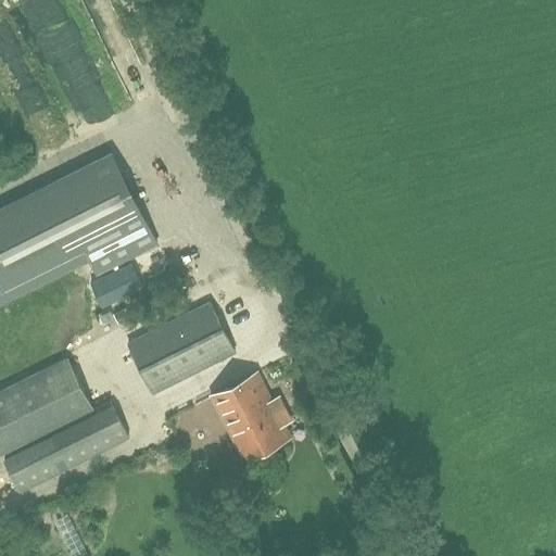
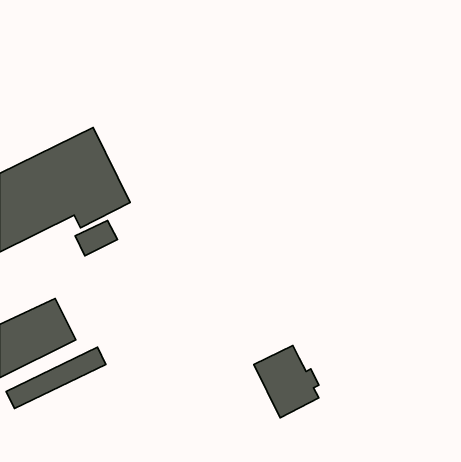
building: [127,303,233,394] -> none
building: [211,374,289,460] -> [254,345,319,418]

